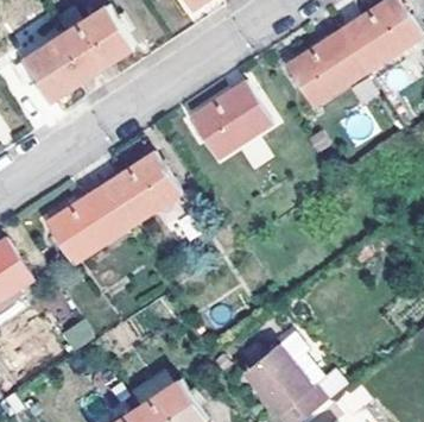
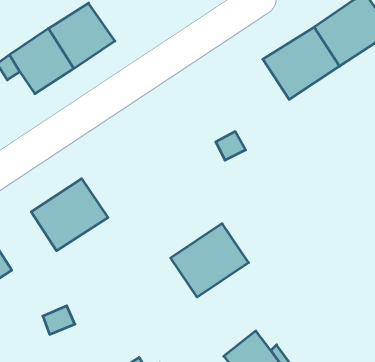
building: [190,82,271,158] -> none
building: [99,152,179,228] -> [171,224,249,297]

